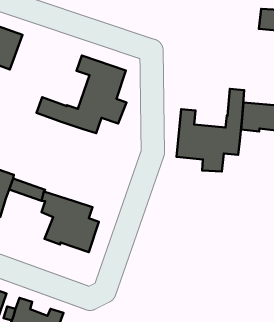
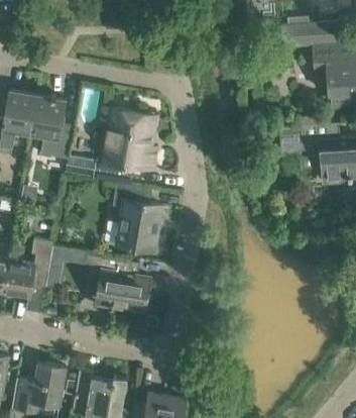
building: none -> [30,95,74,160]
building: [176,89,244,171] -> none
building: none -> [113,183,162,250]

